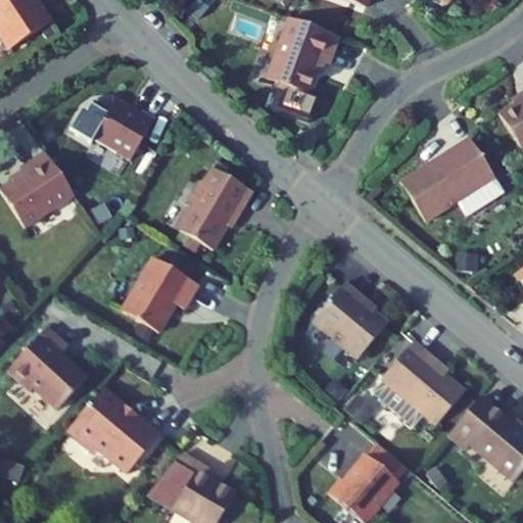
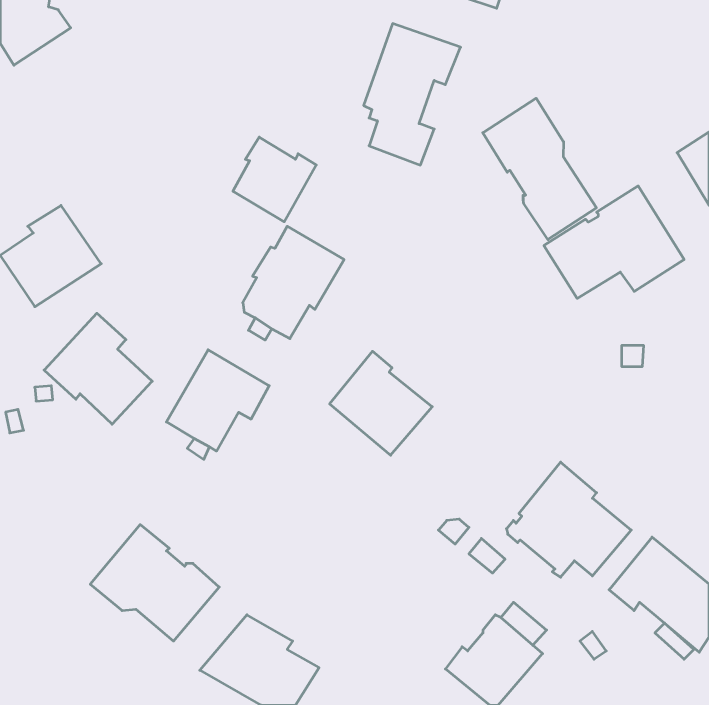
building: none -> [483,98,596,240]
building: [93,97,154,159] -> [233,137,316,222]
building: [313,281,388,358] -> [330,351,432,455]
building: [7,327,87,409] -> [44,313,152,424]

